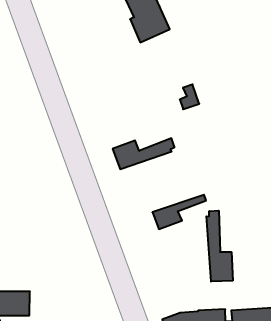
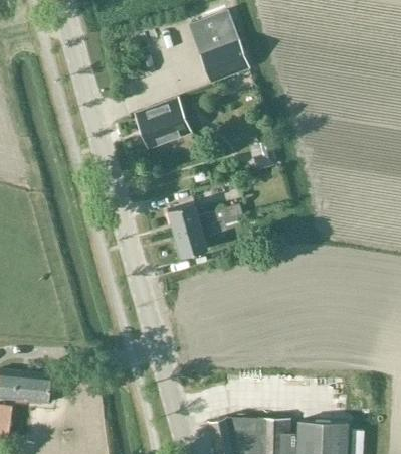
building: none -> [134,101,188,151]
building: [152,195,206,229] -> [174,220,240,258]
building: [206,211,233,282] -> none

